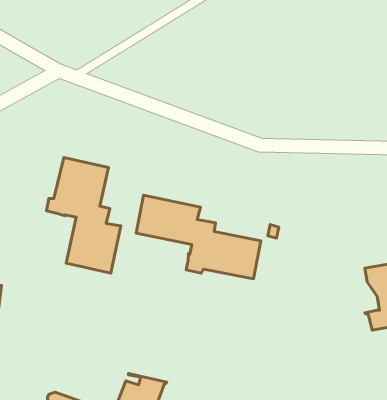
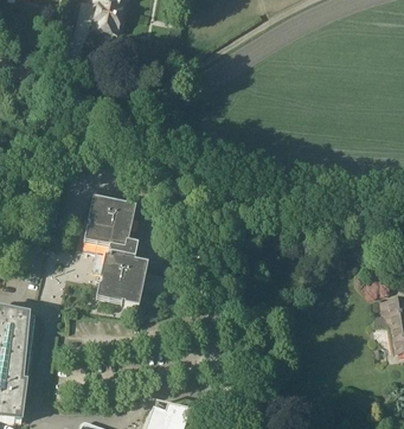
building: [136,195,261,279] -> none

